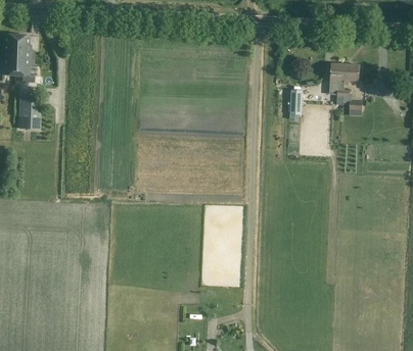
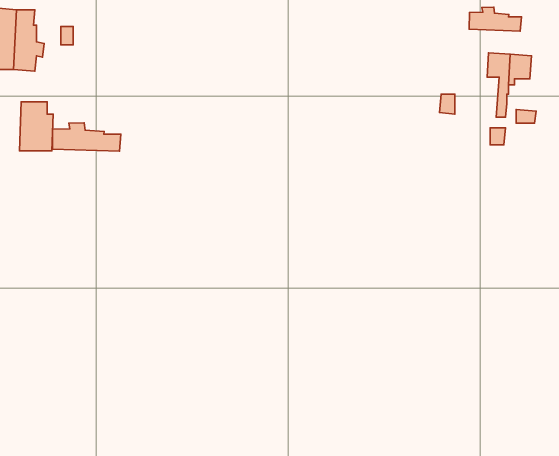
building: none -> [469,7,522,31]
building: none -> [53,123,121,151]

